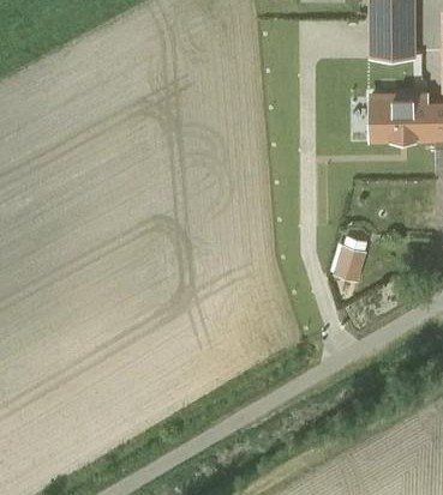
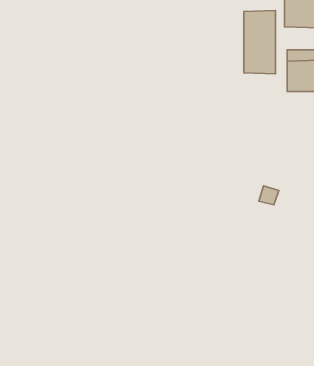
building: none -> [244,10,276,74]

